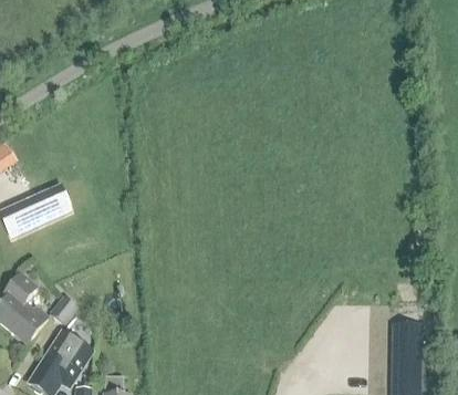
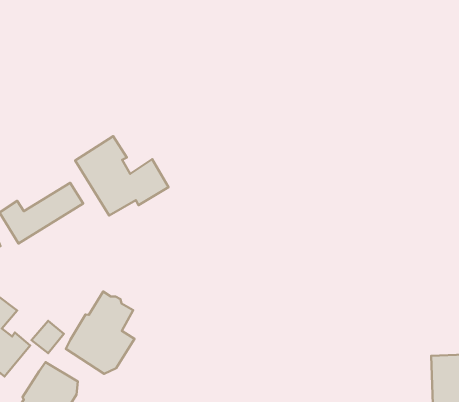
building: none -> [75,136,169,216]
building: none -> [66,291,134,374]

